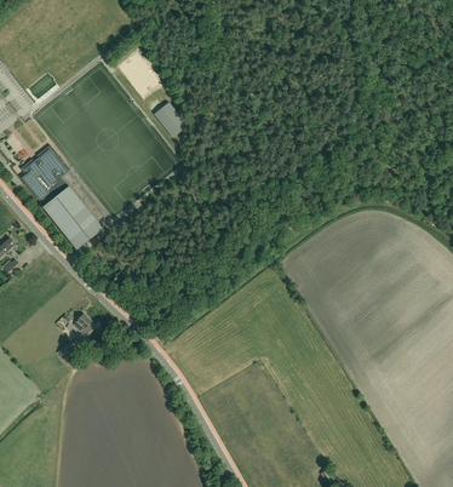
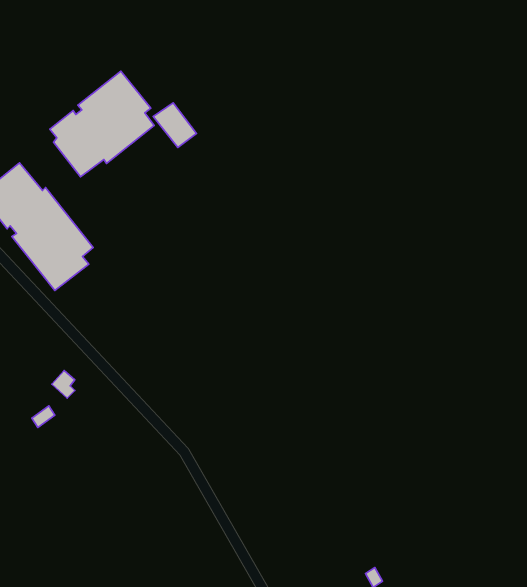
building: none -> [50,71,154,177]

